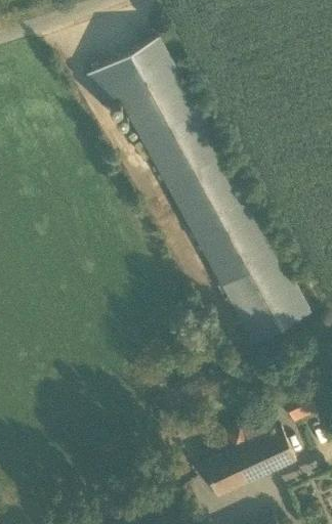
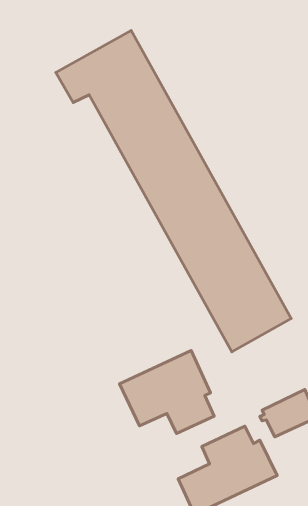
building: none -> [120,350,214,433]

